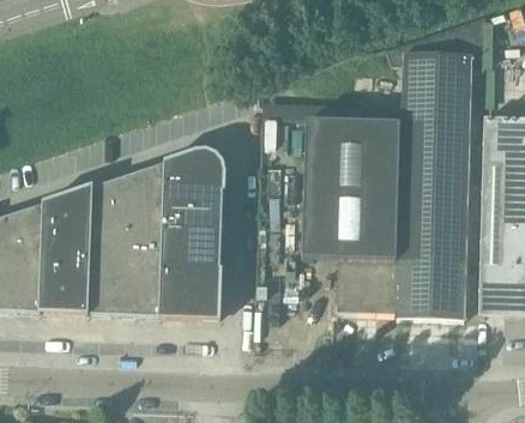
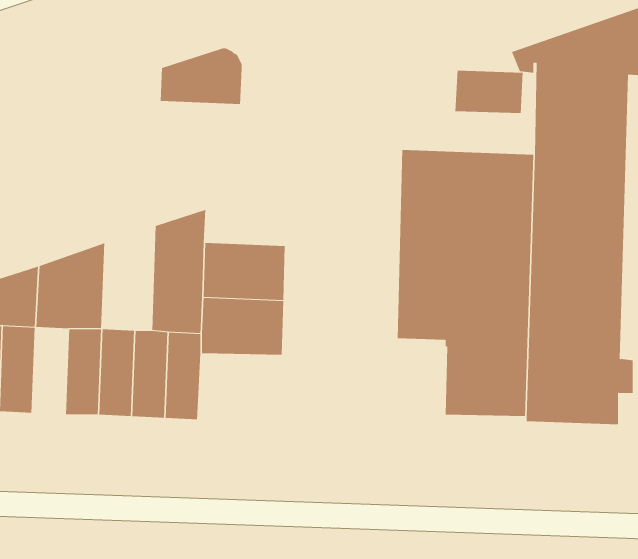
building: none -> [455,70,523,114]
building: [163,150,223,191] -> [160,48,243,104]
building: [89,176,127,252] -> none
building: [38,249,65,313] -> none
building: [158,268,219,318] -> none

